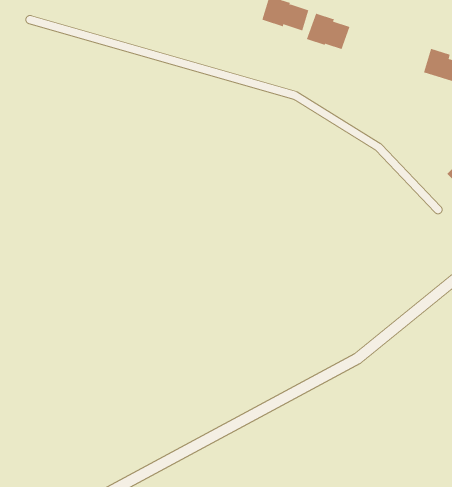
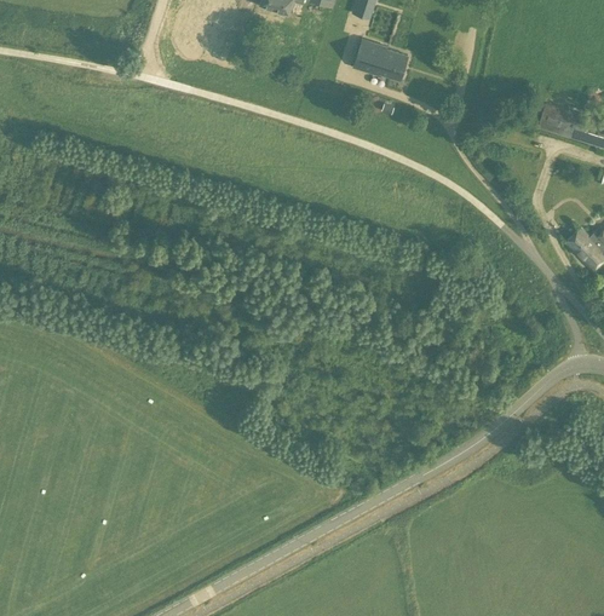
building: [306,13,350,50] -> none

